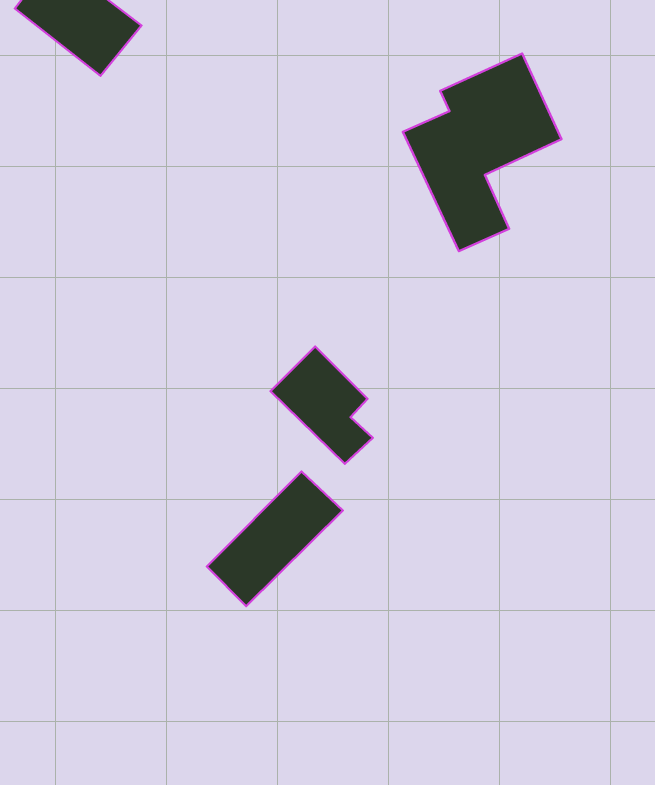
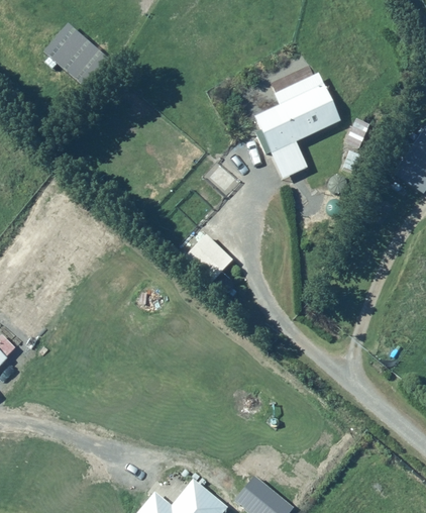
building: [207,472,343,606] -> none

